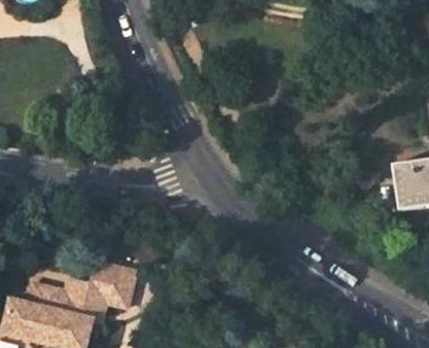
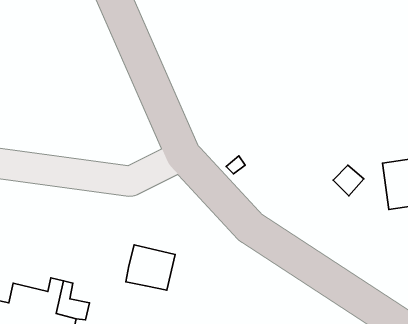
building: [85,262,134,306] -> [126,245,175,290]

